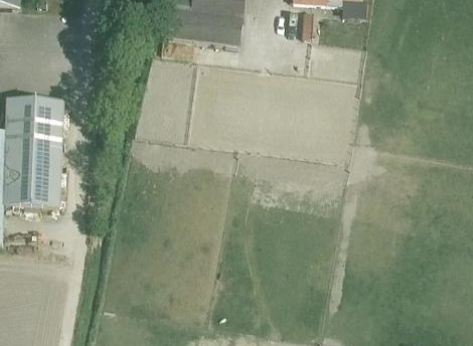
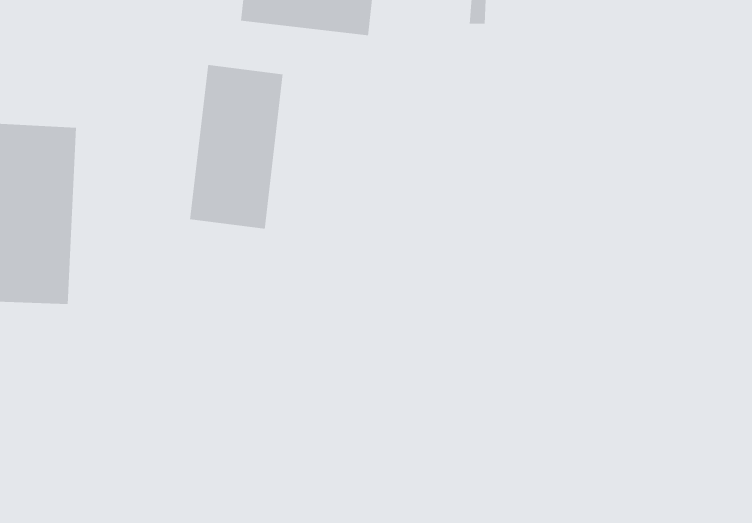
building: none -> [190,64,283,229]

